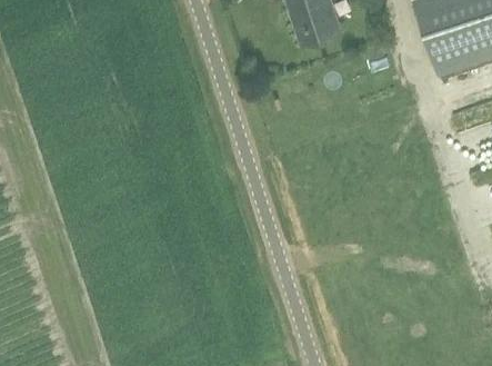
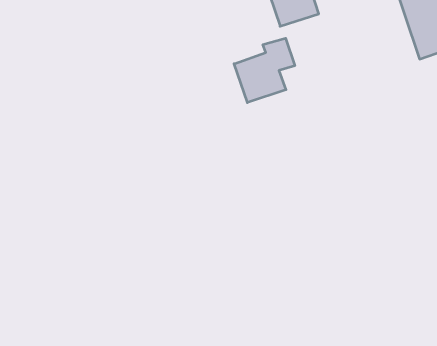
building: none -> [234,38,295,103]

